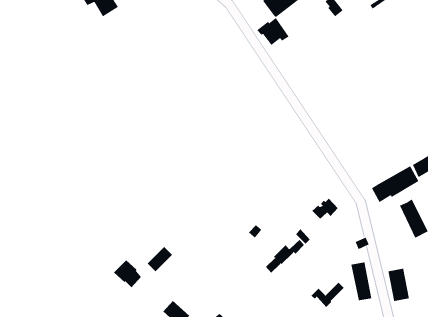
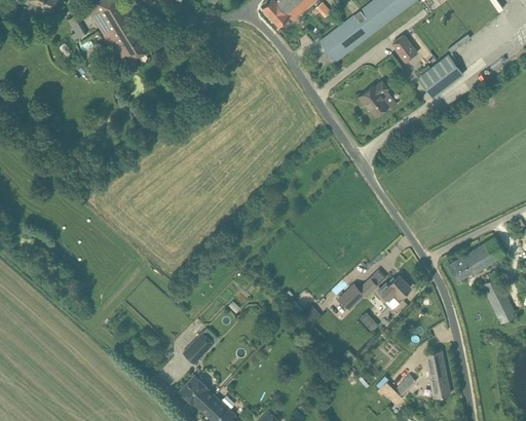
building: none -> [417,54,464,99]
building: [256,17,289,46] -> [359,82,398,116]
building: [265,239,305,274] -> [330,278,377,319]
building: [113,260,142,288] -> [180,376,214,410]
building: [388,268,409,302] -> none

